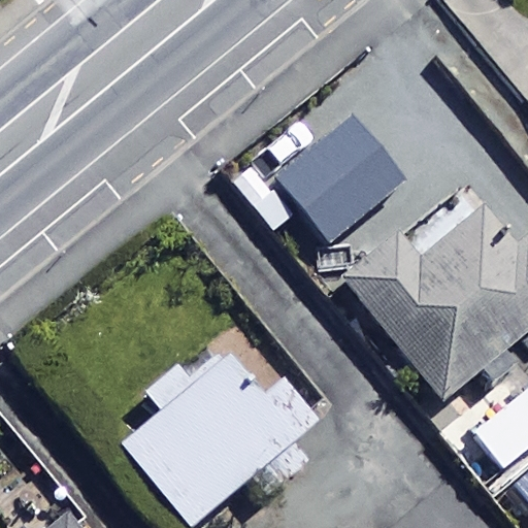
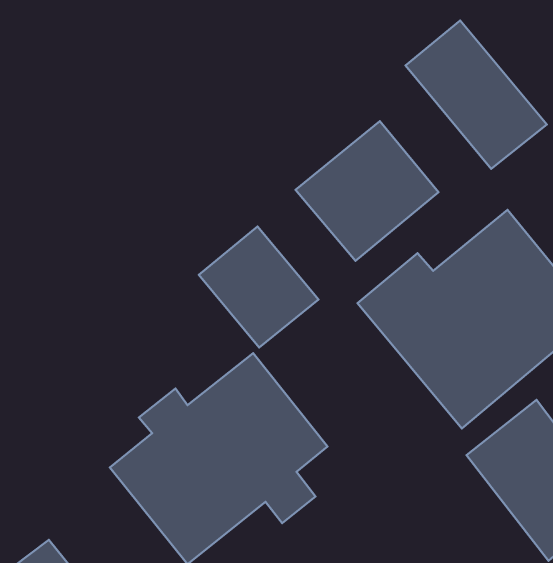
building: none -> [406,21,547,169]
building: none -> [199,226,319,348]

